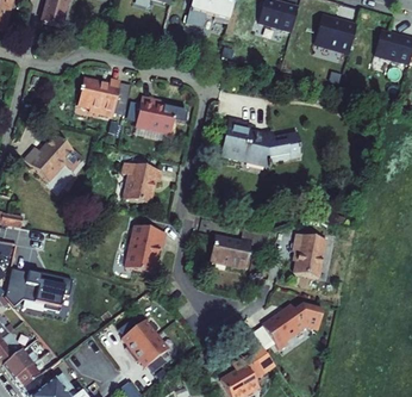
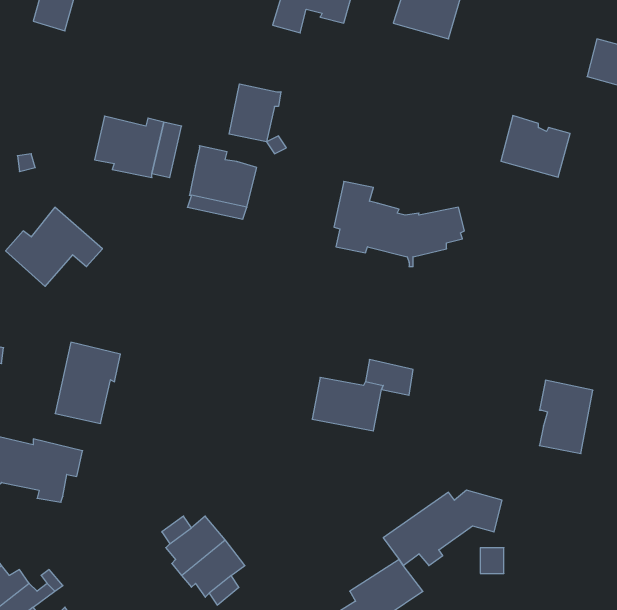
building: [314,15,356,52] -> [501,116,570,177]
building: none -> [229,84,281,142]
building: [123,162,161,205] -> none
building: [124,225,163,274] -> [55,342,120,423]
building: [293,234,325,278] -> [539,380,593,454]

